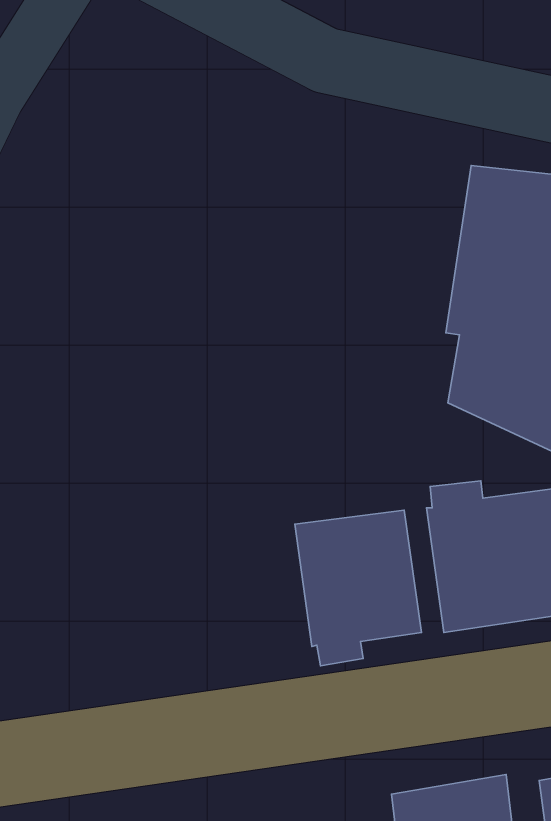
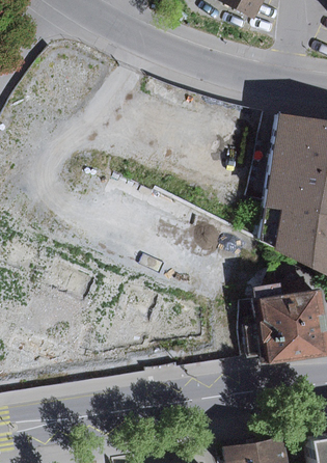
building: [295,510,421,666] -> none

